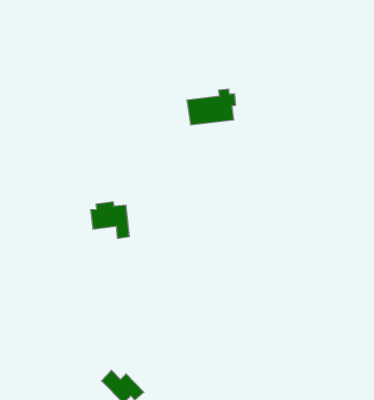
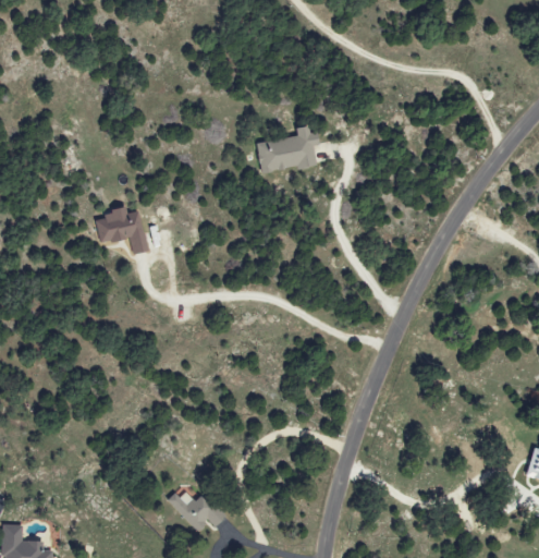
building: [90,202,129,238] -> [96,208,147,254]

